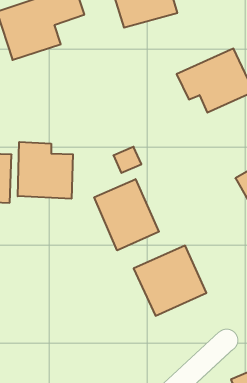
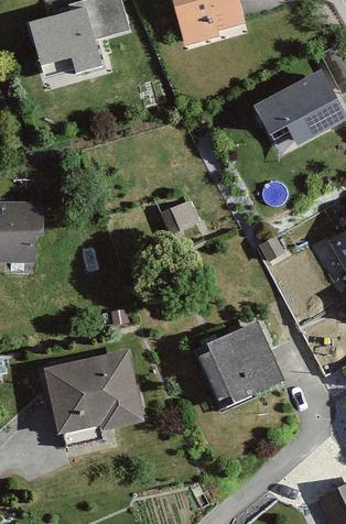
building: [18,142,73,199] -> none
building: [94,179,159,250] -> none
building: none -> [36,350,142,438]

